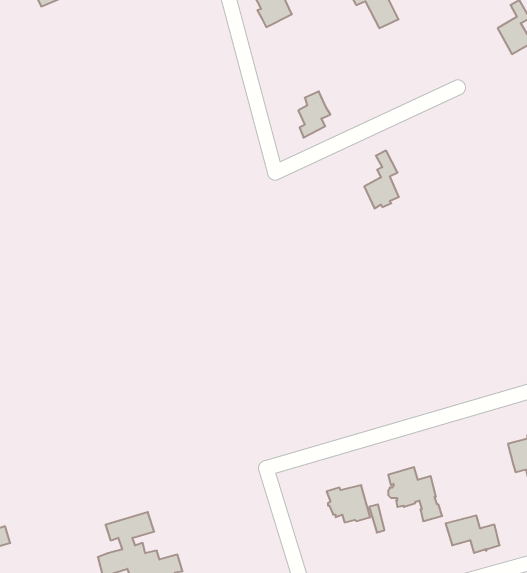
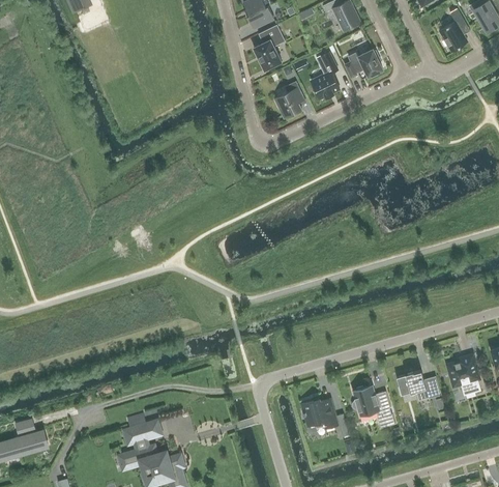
building: none -> [253,24,285,69]
building: none -> [344,49,382,78]
building: [364,151,399,208] -> [311,52,339,98]
building: [446,516,500,553] -> [395,370,439,400]

